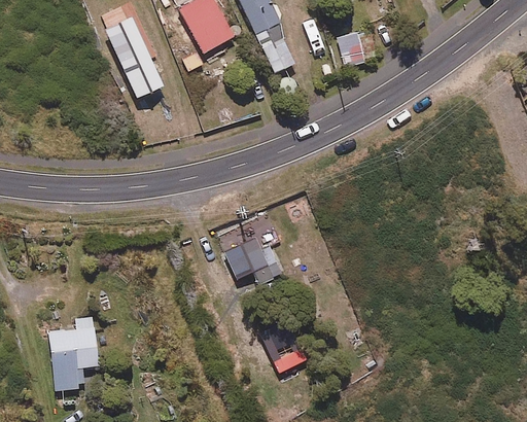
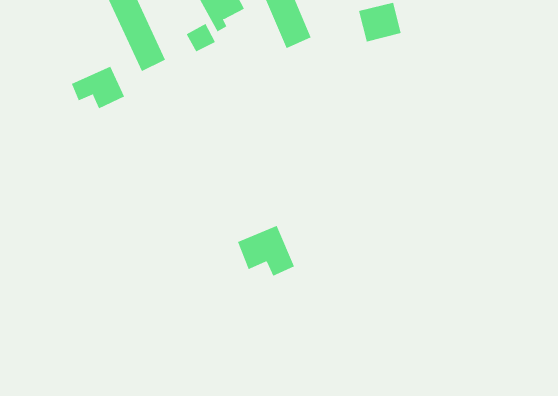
building: none -> [71,66,125,109]
building: [48,318,97,390] -> none

